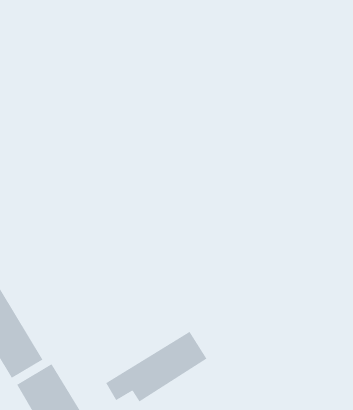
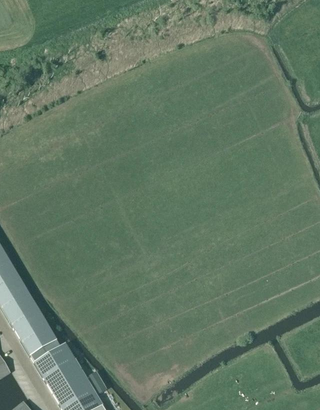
building: [105,331,207,402] -> none

